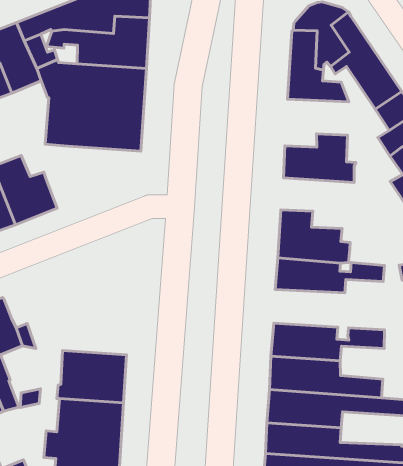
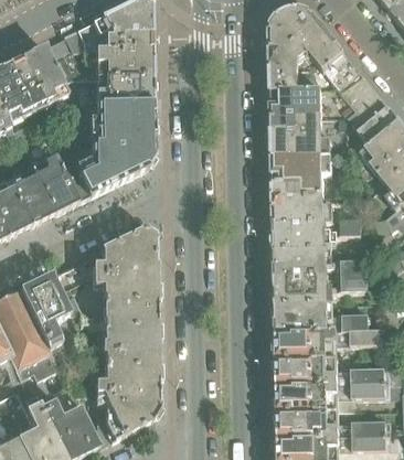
building: none -> [269,88,321,129]
building: none -> [76,143,152,196]
building: none -> [272,154,330,194]
building: none -> [91,227,155,313]
building: none -> [273,246,365,276]

